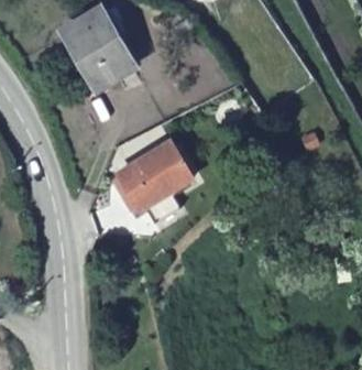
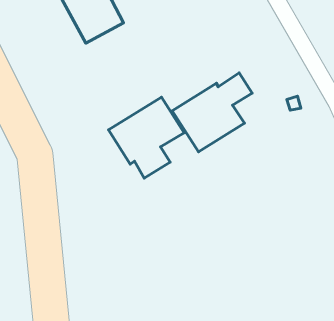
building: none -> [172,73,252,152]

